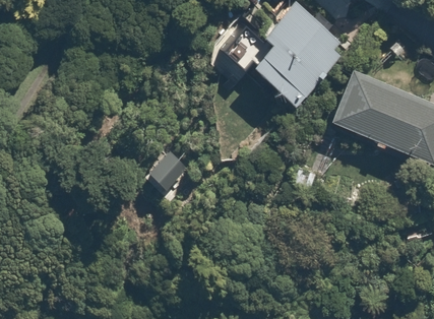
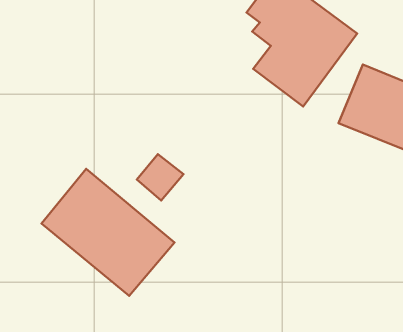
building: none -> [42,169,174,296]

